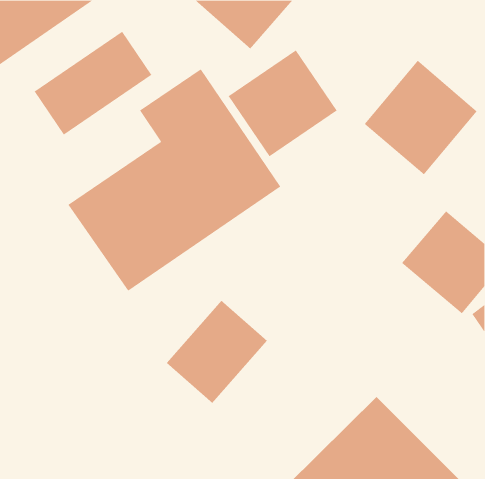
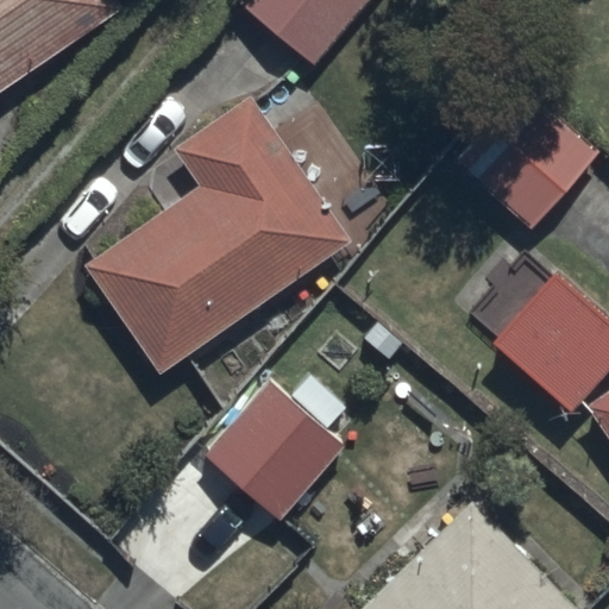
building: [34,31,152,135] -> none
building: [228,49,338,157] -> none

